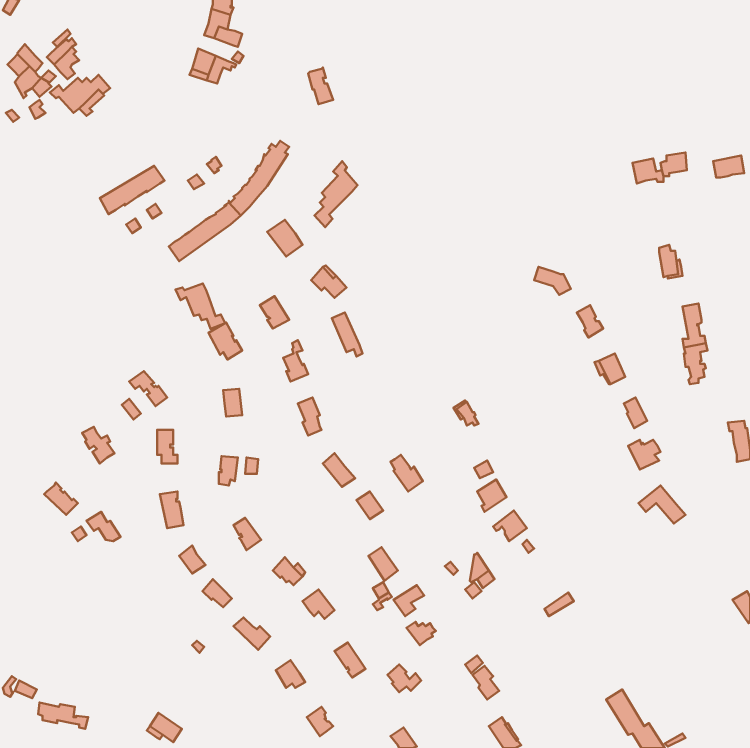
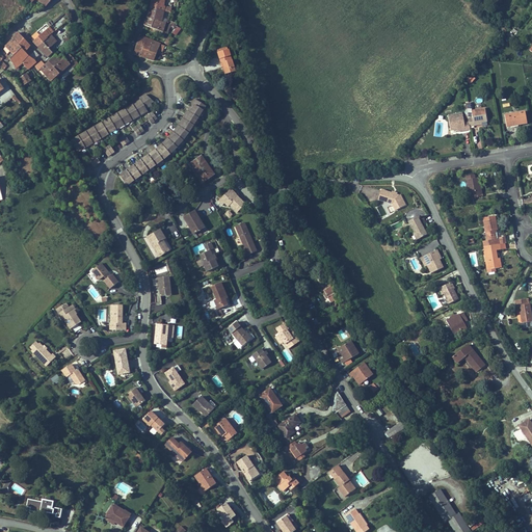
building: none -> [109,94,154,128]
building: [315,161,357,227] -> none
building: [176,284,225,329] -> none

